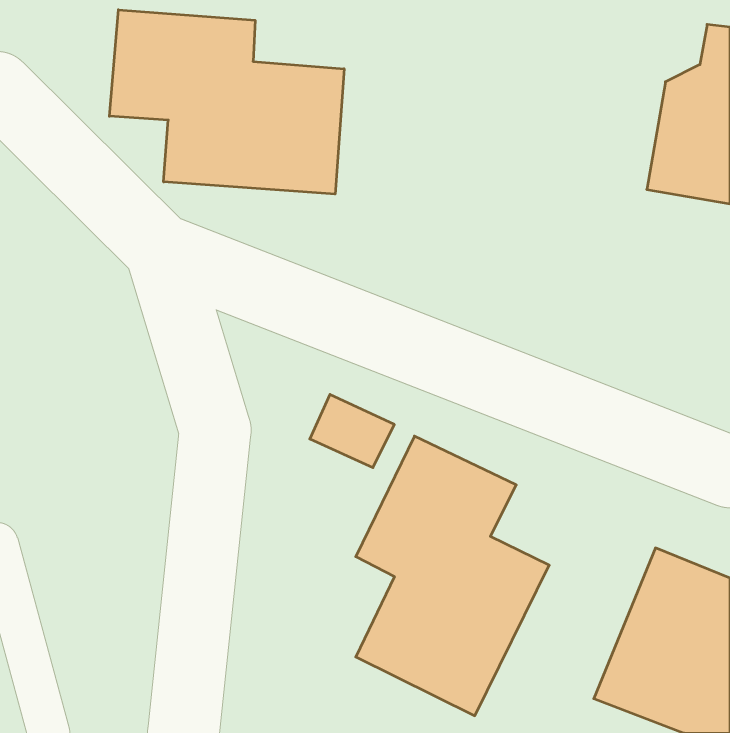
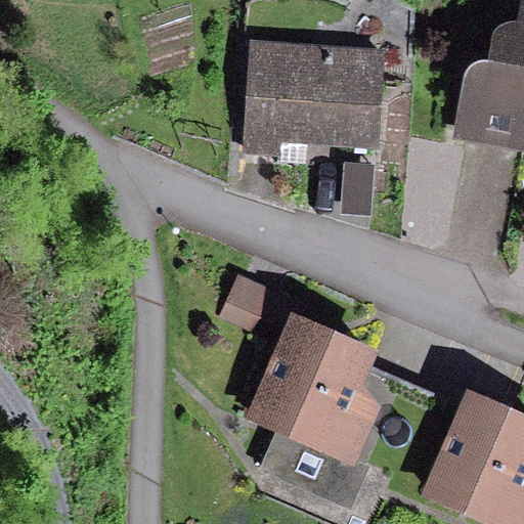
building: [109,10,344,194] -> none
building: none -> [245,44,387,160]

